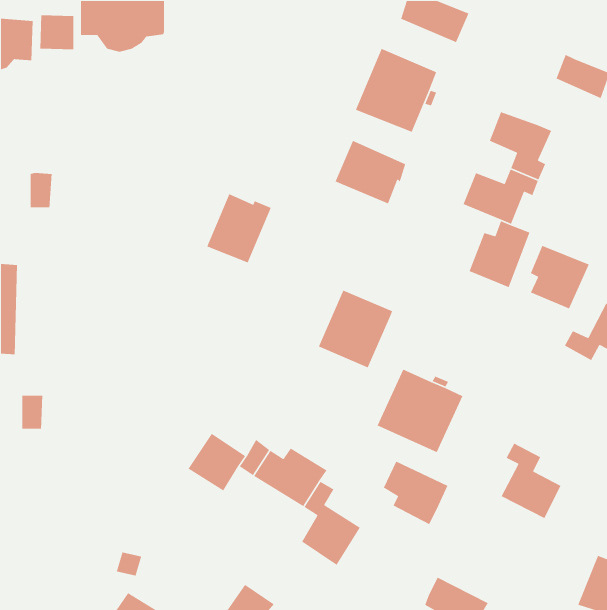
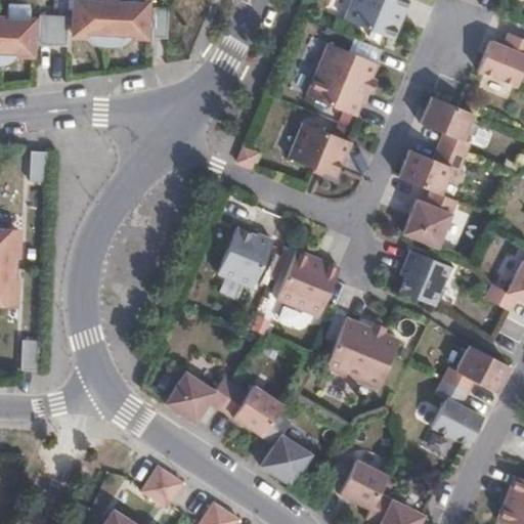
building: [206,193,272,264] -> [216,226,272,287]
building: [530,245,590,310] -> [400,250,451,305]
building: none -> [443,345,510,392]
building: [383,460,449,525] -> [330,455,386,511]
building: none -> [140,463,182,507]

